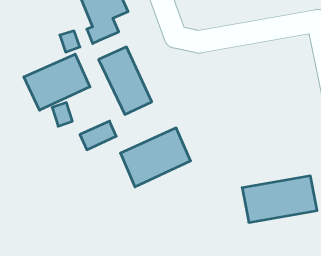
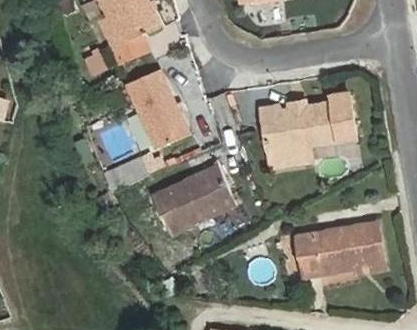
building: [24,54,90,110] -> none
building: none -> [260,93,356,160]

